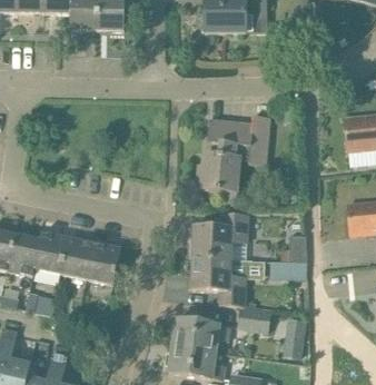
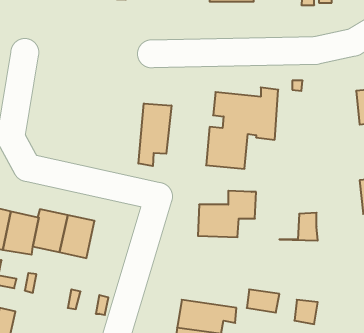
building: none -> [138,103,171,166]
building: [86,243,120,284] -> none
building: [191,257,246,305] -> none
building: [270,260,307,279] -> none

